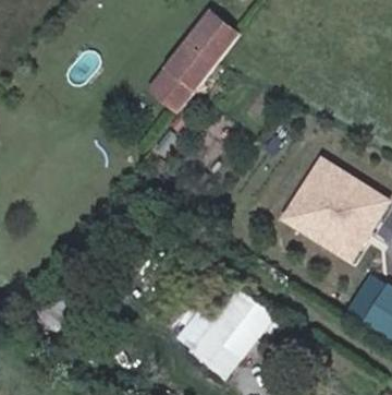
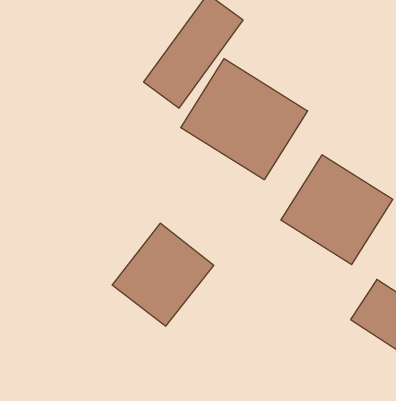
building: none -> [181,59,308,180]
building: [176,280,273,379] -> [112,223,214,326]

